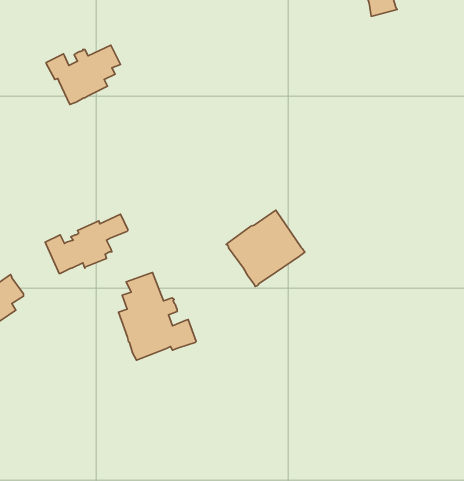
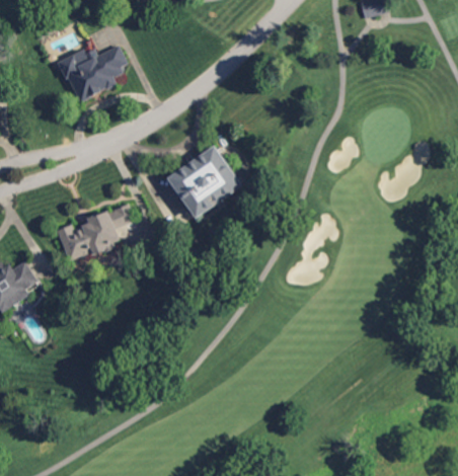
building: [226,210,305,286] -> [167,146,241,218]
building: [118,272,196,360] -> none

